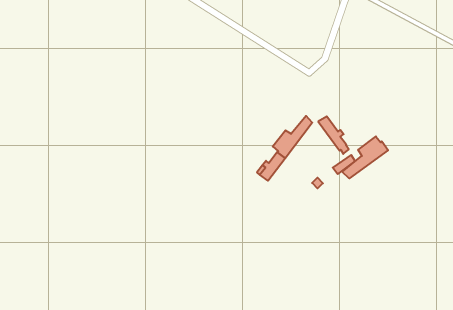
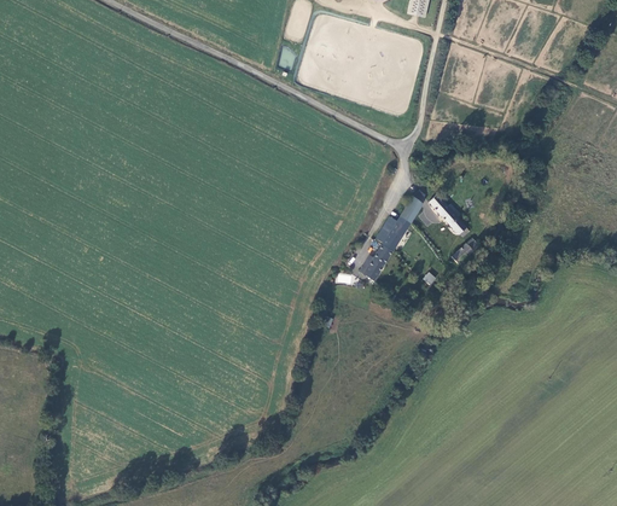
building: [342,136,388,178] -> none

